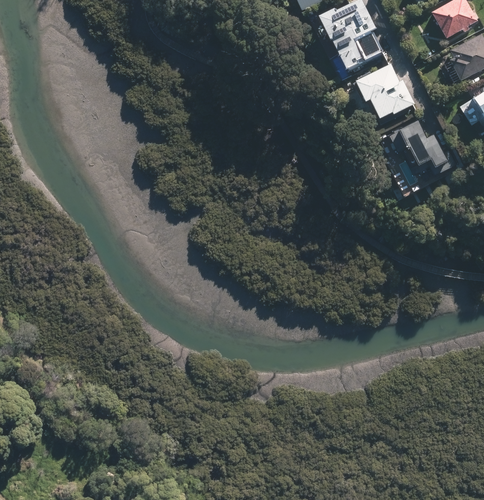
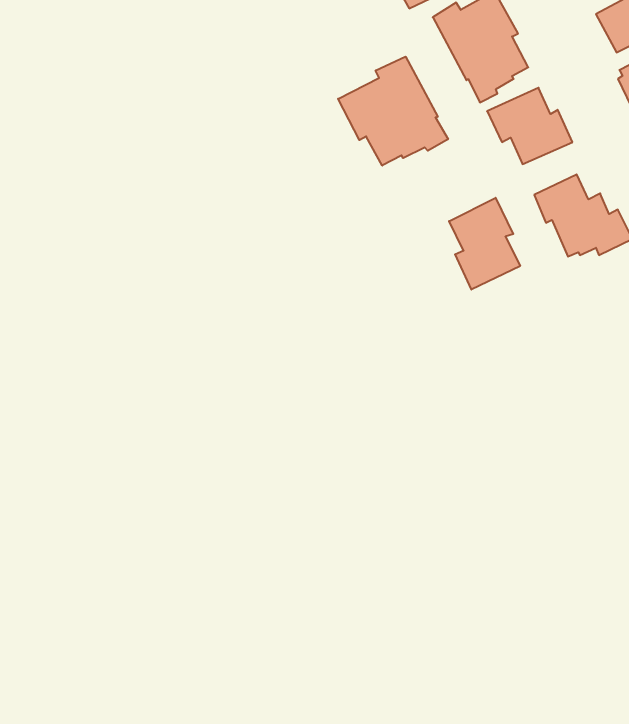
building: none -> [338,57,448,166]
building: none -> [449,198,520,290]

